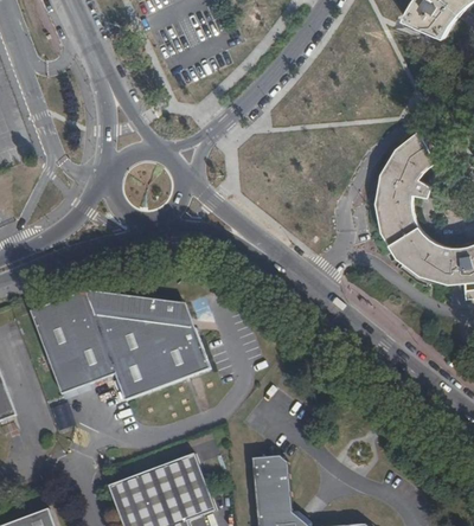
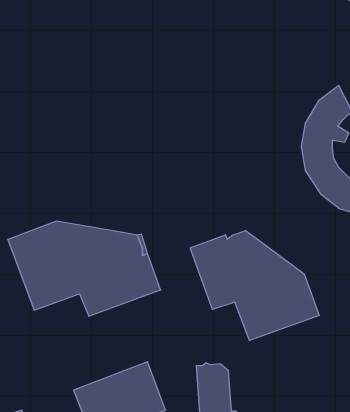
building: none -> [190,231,319,341]

